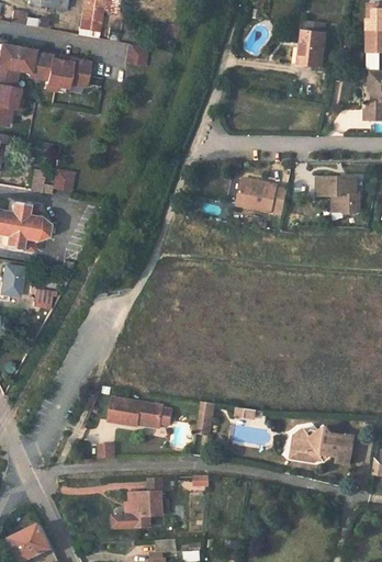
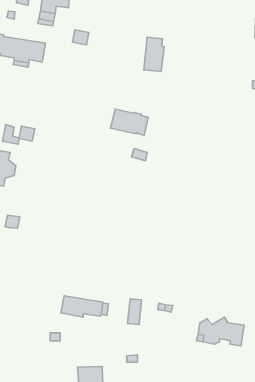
building: [300,21,327,67] -> [144,37,164,72]
building: [315,177,357,214] -> none
building: [233,178,283,213] -> [110,109,148,135]

